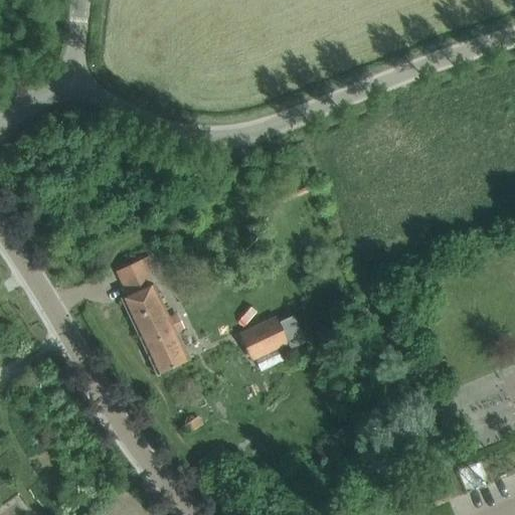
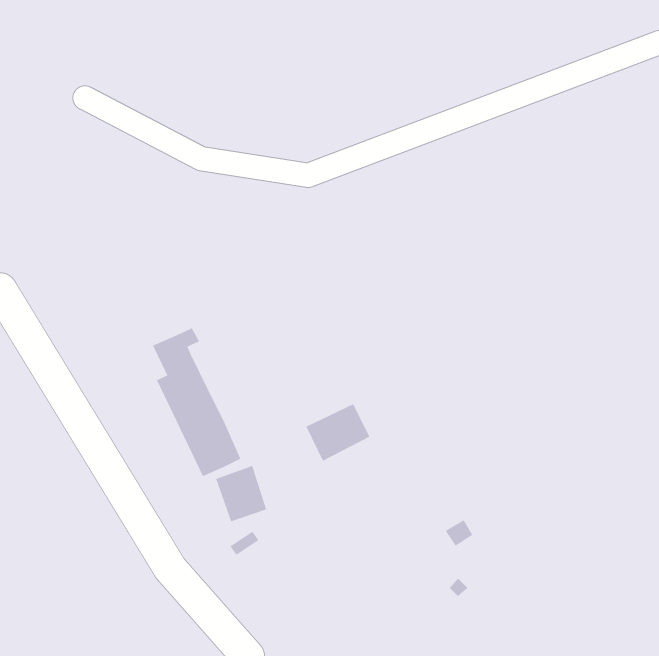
building: none -> [215,465,267,522]

